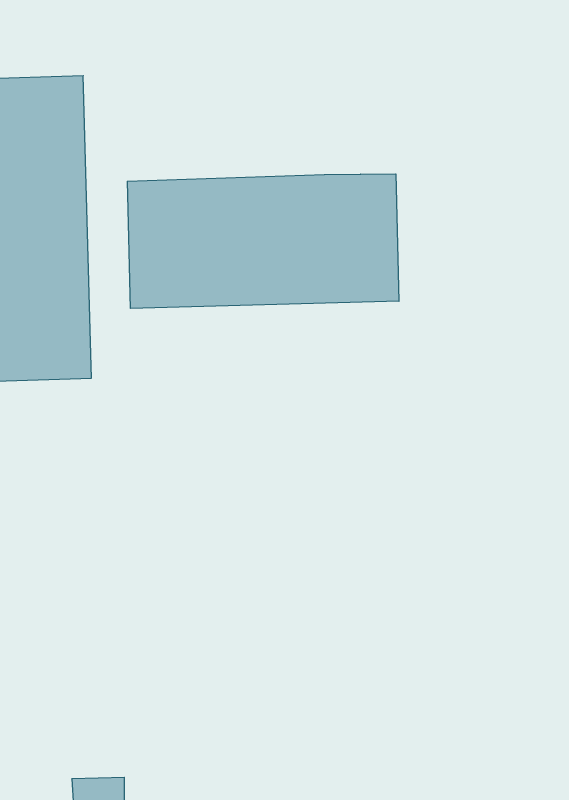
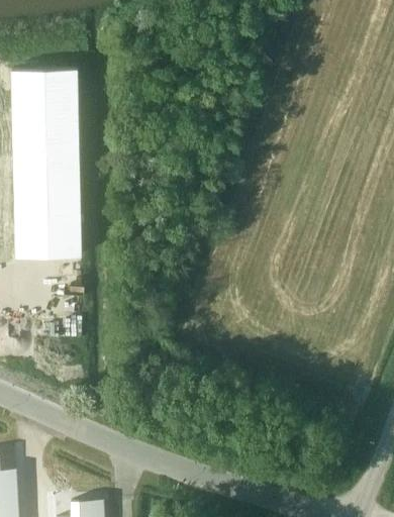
building: [127,174,399,308] -> none

